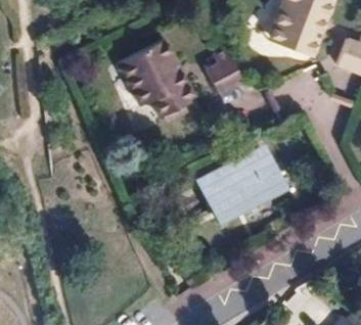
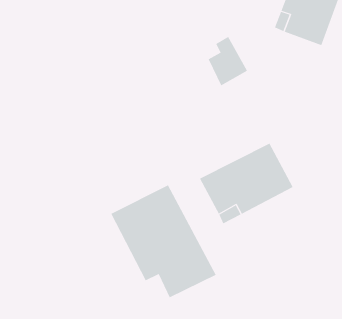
building: [118,39,196,118] -> none
building: none -> [110,185,216,298]

